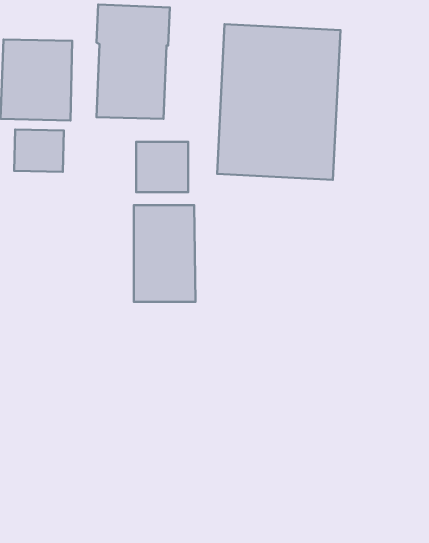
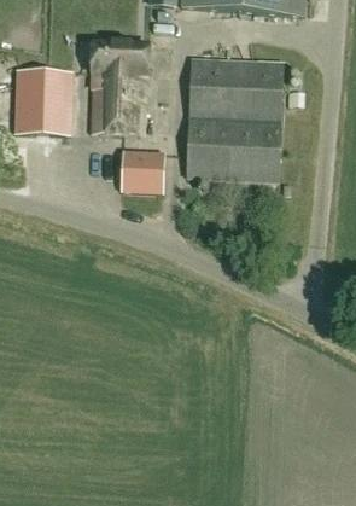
building: [14,129,64,172] -> none
building: [134,205,195,302] -> none

